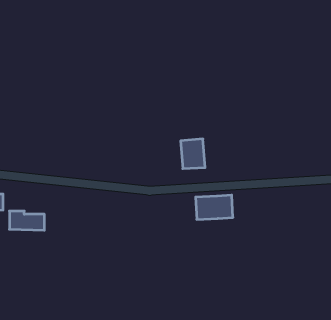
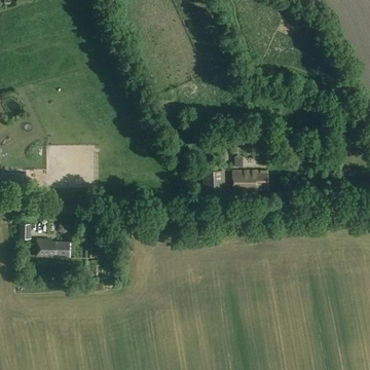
building: [196,195,233,219] -> [231,169,267,192]

